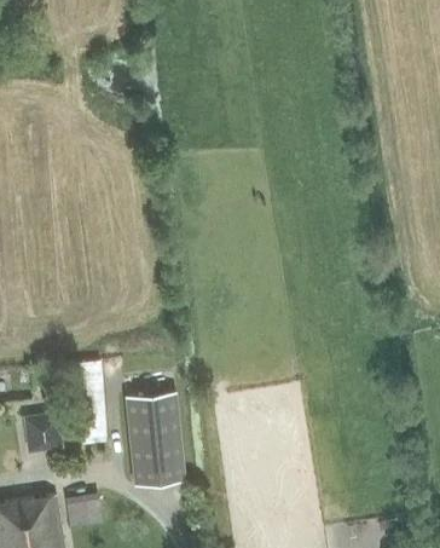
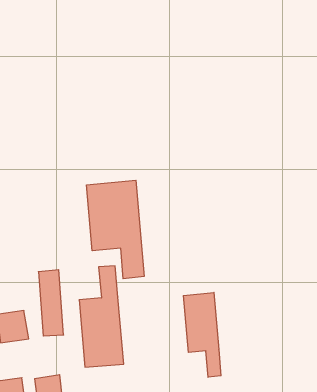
building: none -> [87,180,144,279]
building: none -> [183,292,221,377]

